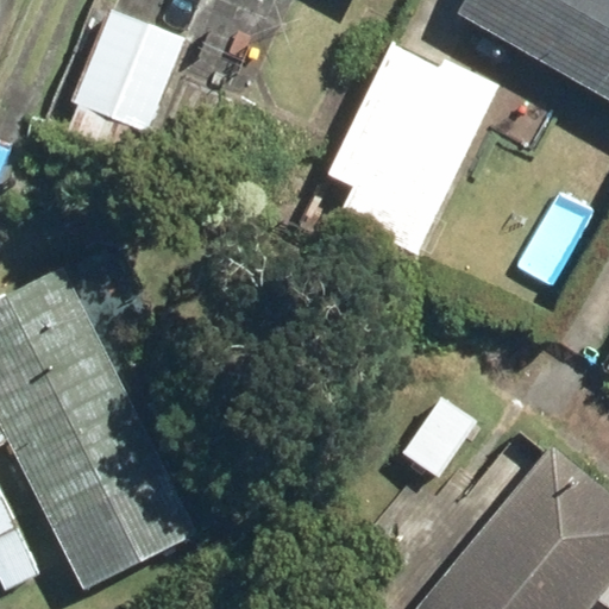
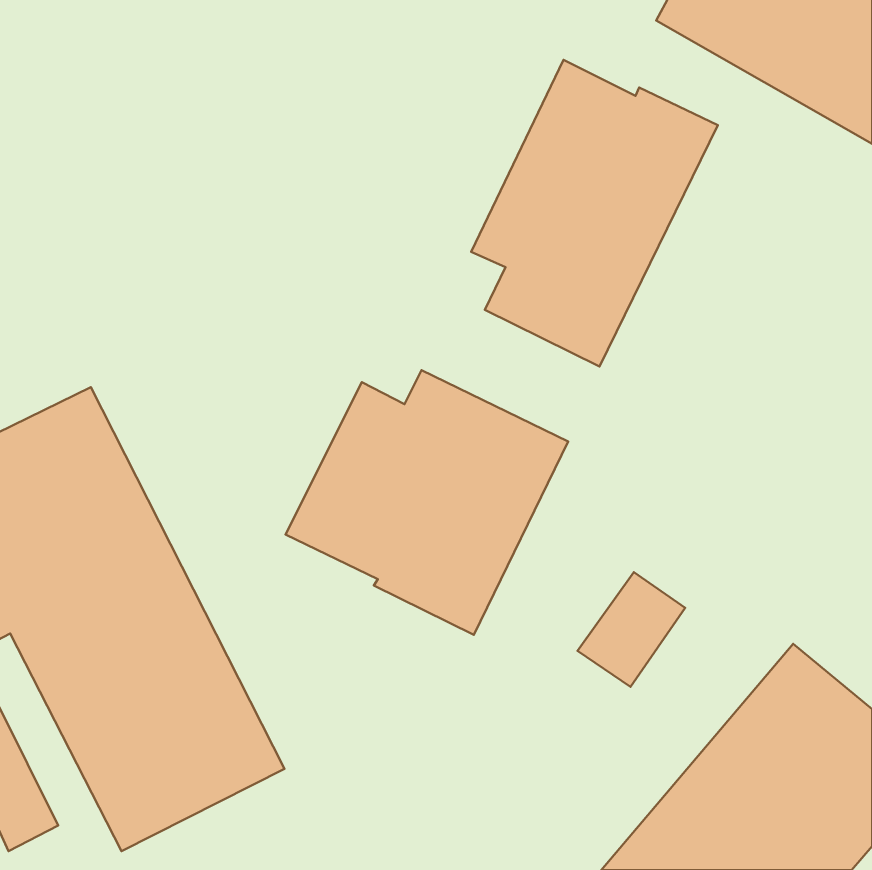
building: [73,10,186,132] -> none
building: none -> [286,370,568,635]

